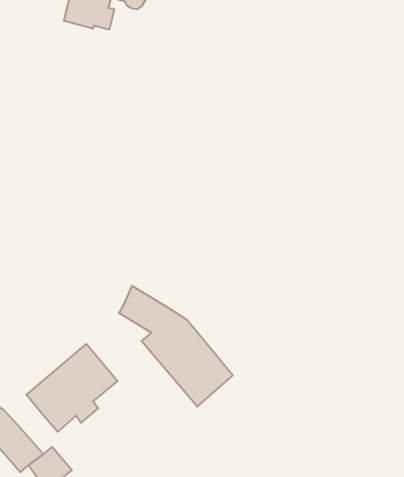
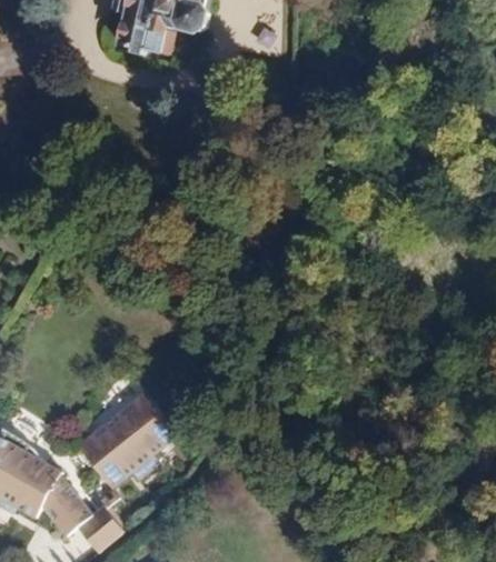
building: [119,286,233,407] -> none

